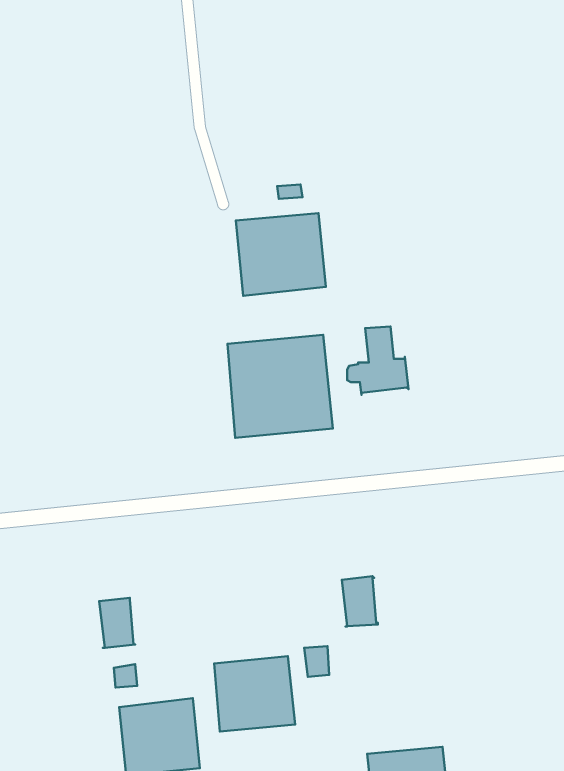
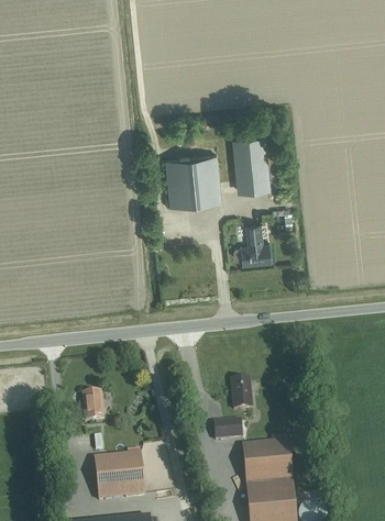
building: none -> [233,134,271,190]
building: [228,335,333,438] -> none
building: [214,656,295,732] -> [243,439,293,485]

